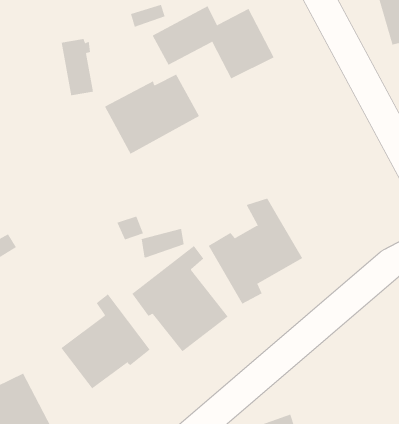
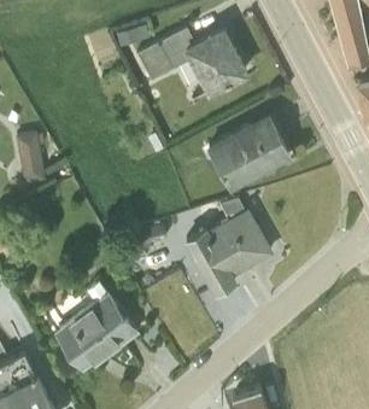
building: [61,38,94,96] -> [16,134,45,185]
building: [104,74,200,154] -> [207,119,292,191]
building: [132,245,228,352] -> none

